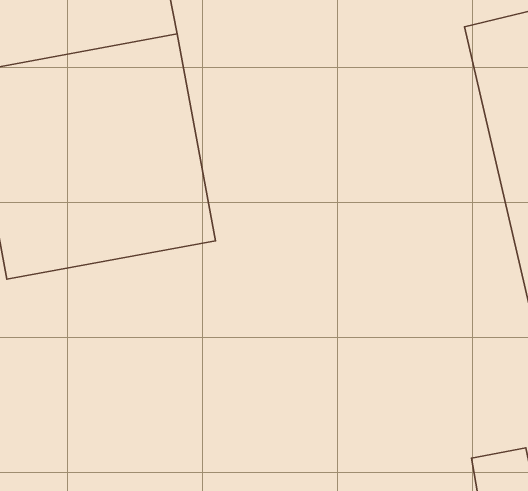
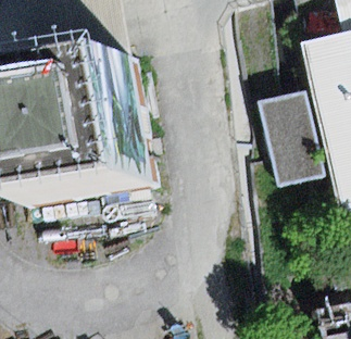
building: none -> [256,87,324,180]

